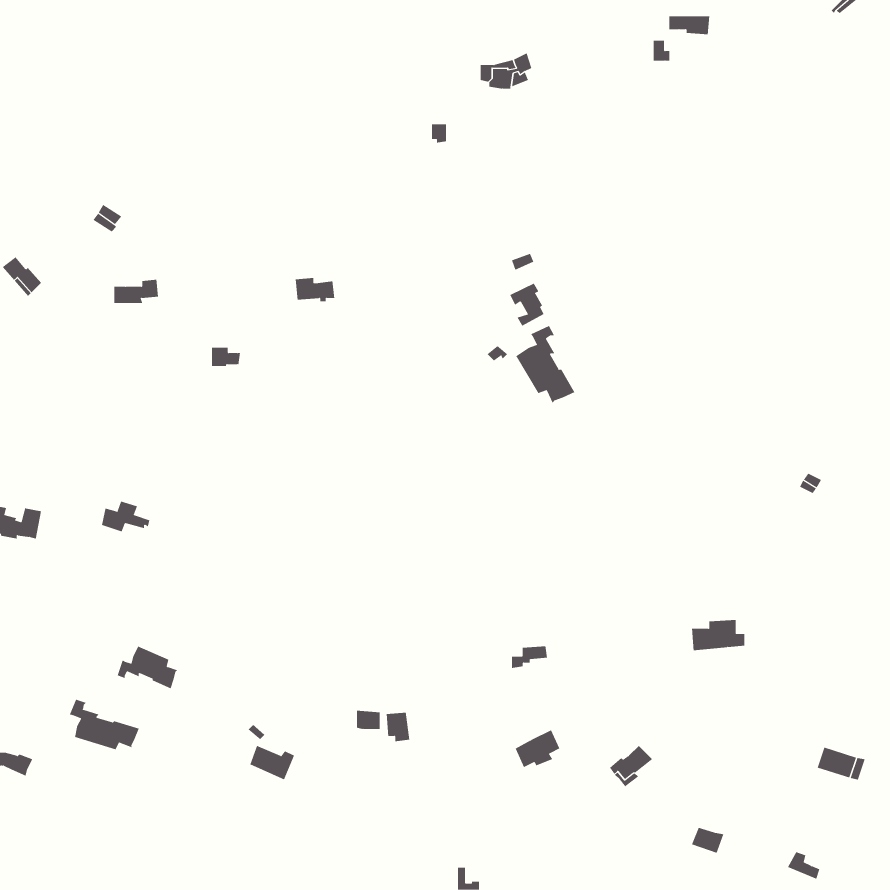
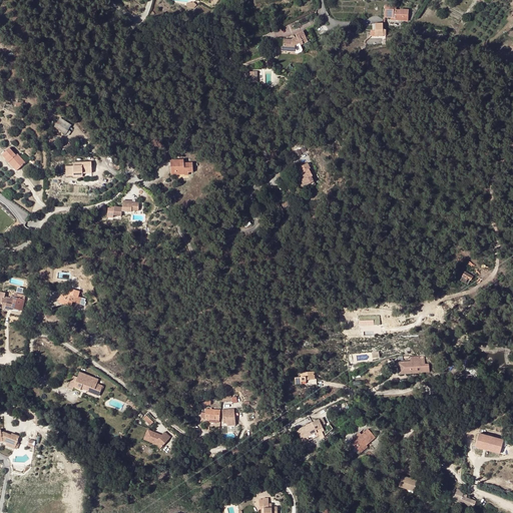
building: [516,325,575,404] -> none
building: [69,699,140,750] -> none

